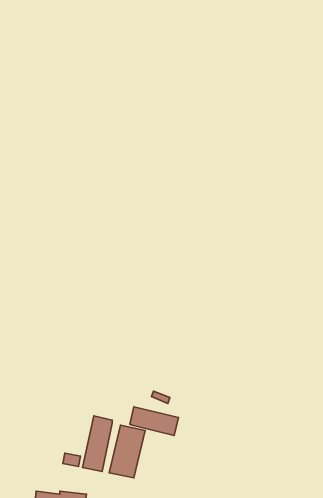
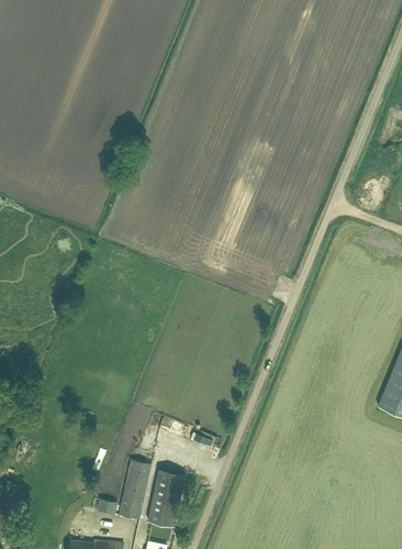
building: [130,407,179,436] -> none

